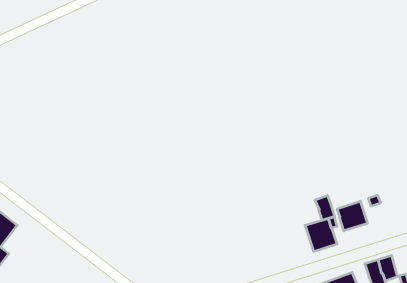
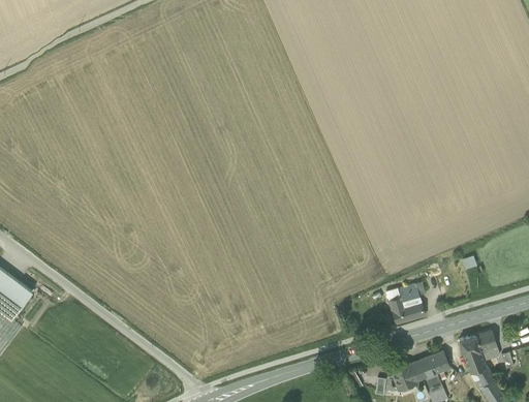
building: [315,195,335,220] -> none
building: [337,201,367,231] -> none

